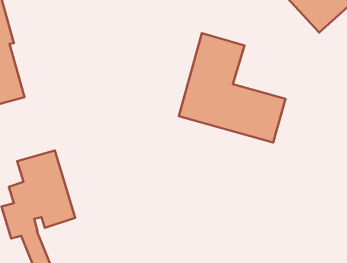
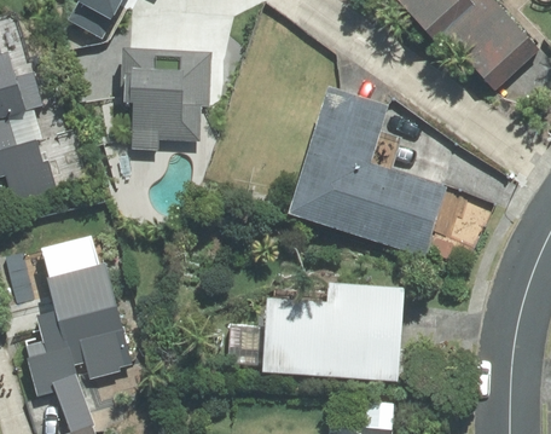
building: none -> [118,50,209,147]
building: none -> [260,285,402,381]

